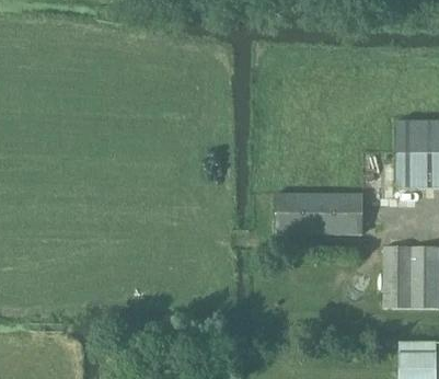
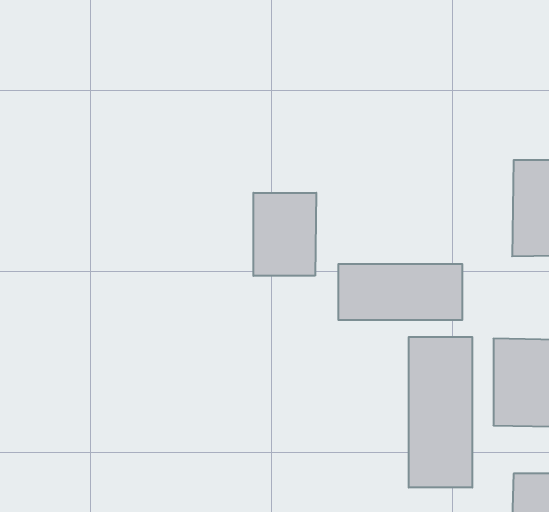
building: none -> [253,193,316,276]
building: none -> [409,337,472,488]

